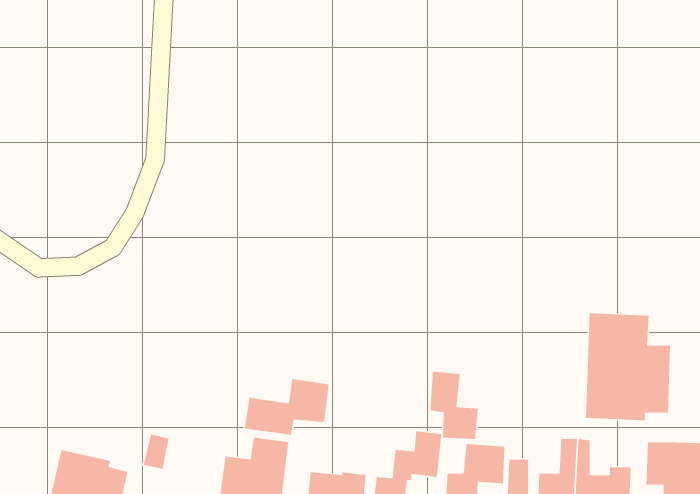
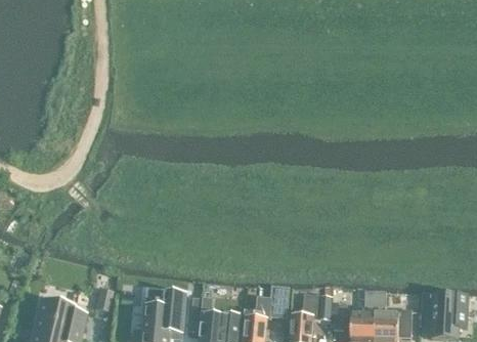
building: [585,313,671,421] -> none
building: [430,371,479,440] -> none
building: [244,378,330,435] -> none

